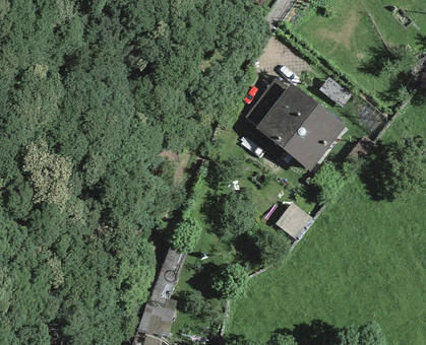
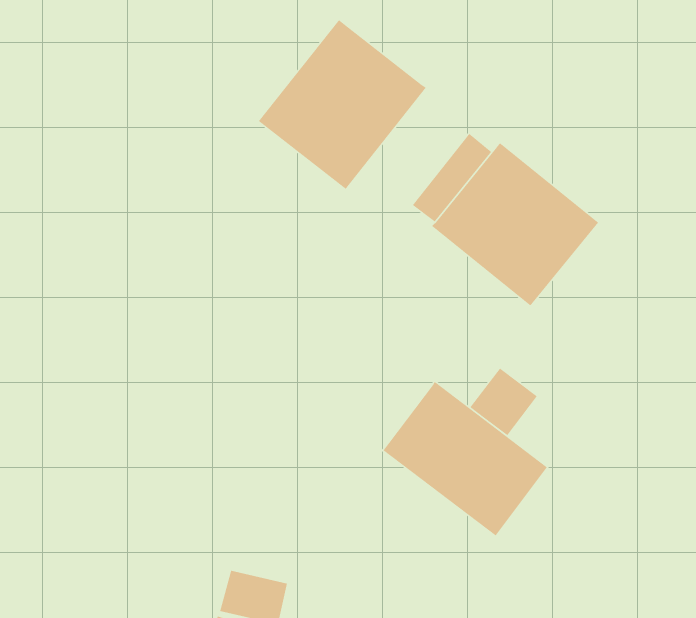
building: none -> [258,19,427,190]
building: none -> [382,381,548,537]

